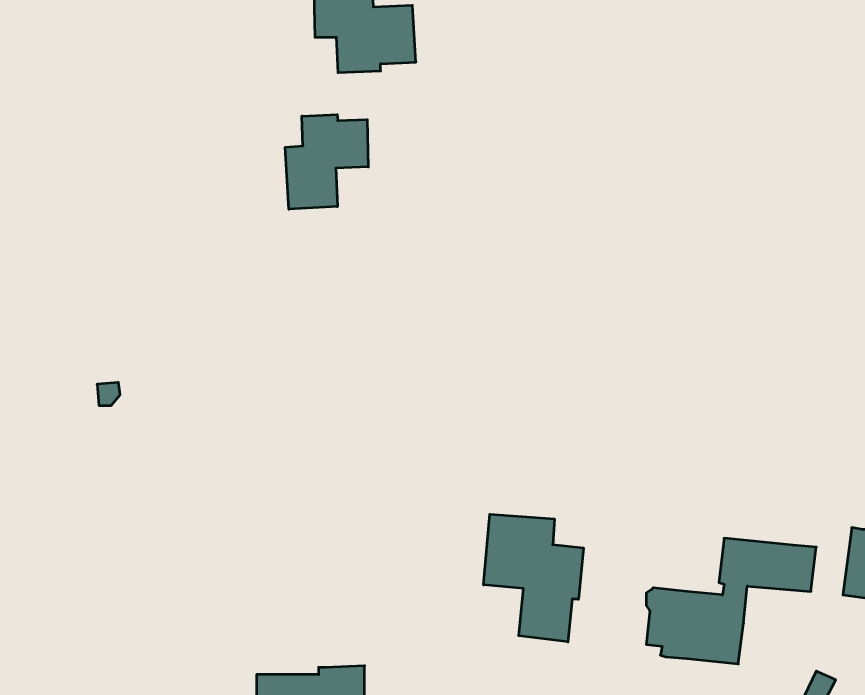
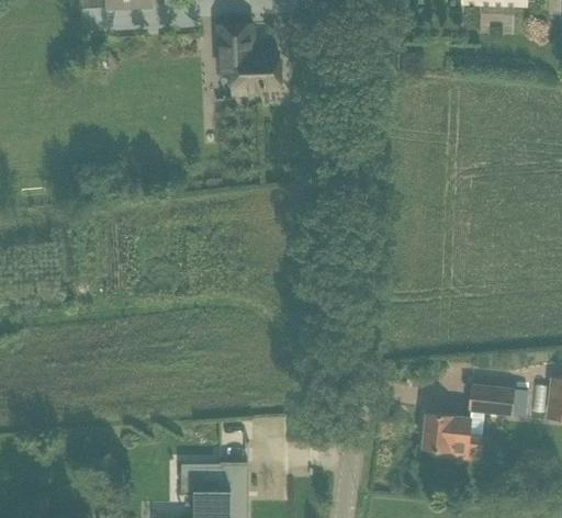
building: [285,115,368,209] -> none
building: [484,514,583,642] -> none

